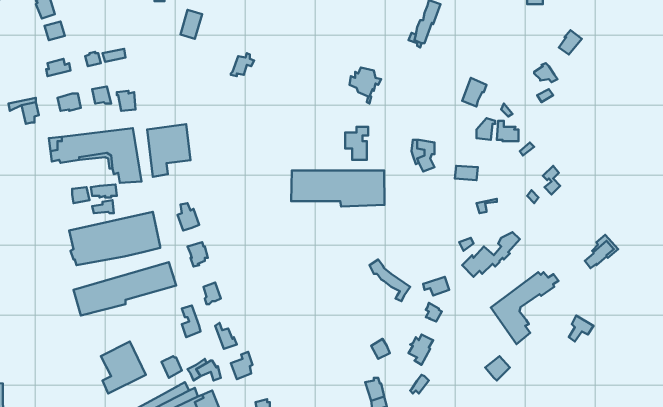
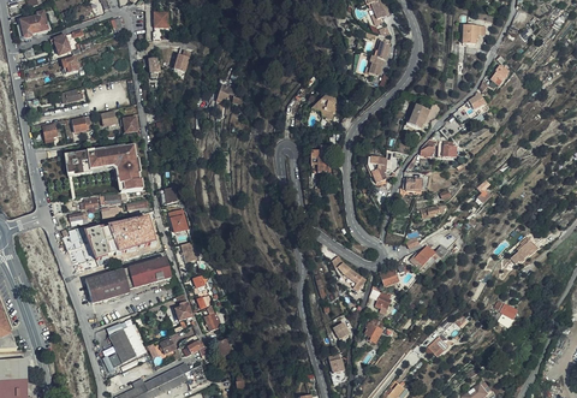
building: [147,124,190,177] -> none
building: [291,171,384,206] -> none
building: [491,272,558,344] -> none

